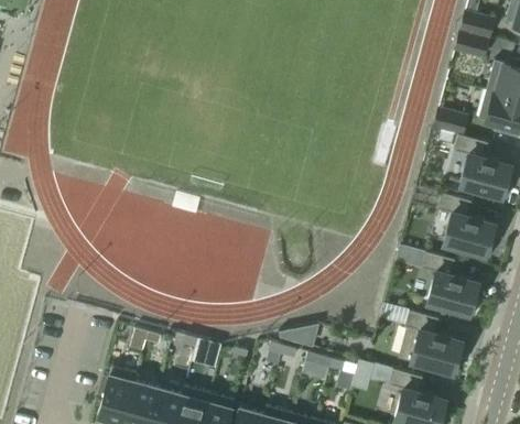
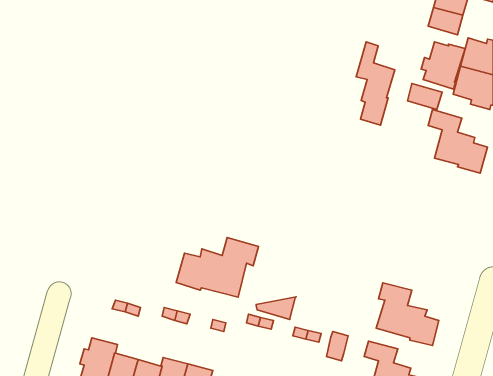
building: none -> [356,42,395,125]
building: none -> [421,42,465,89]
building: [436,195,497,259] -> none
building: [420,253,480,317] -> none
building: none -> [176,238,258,297]

